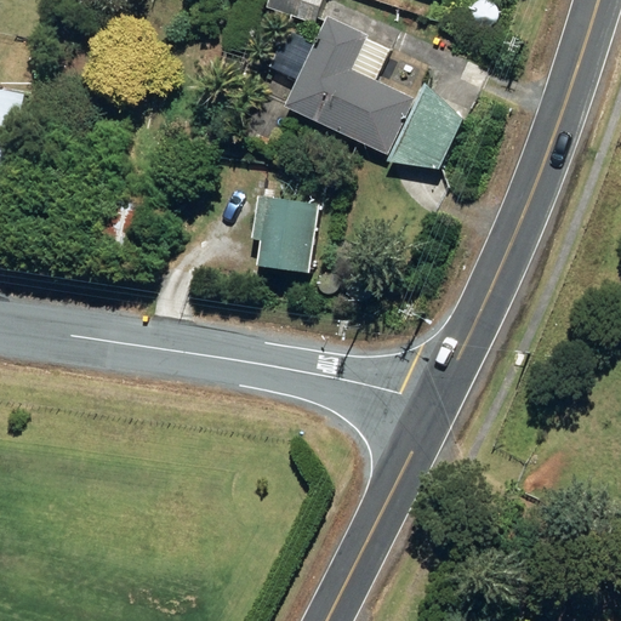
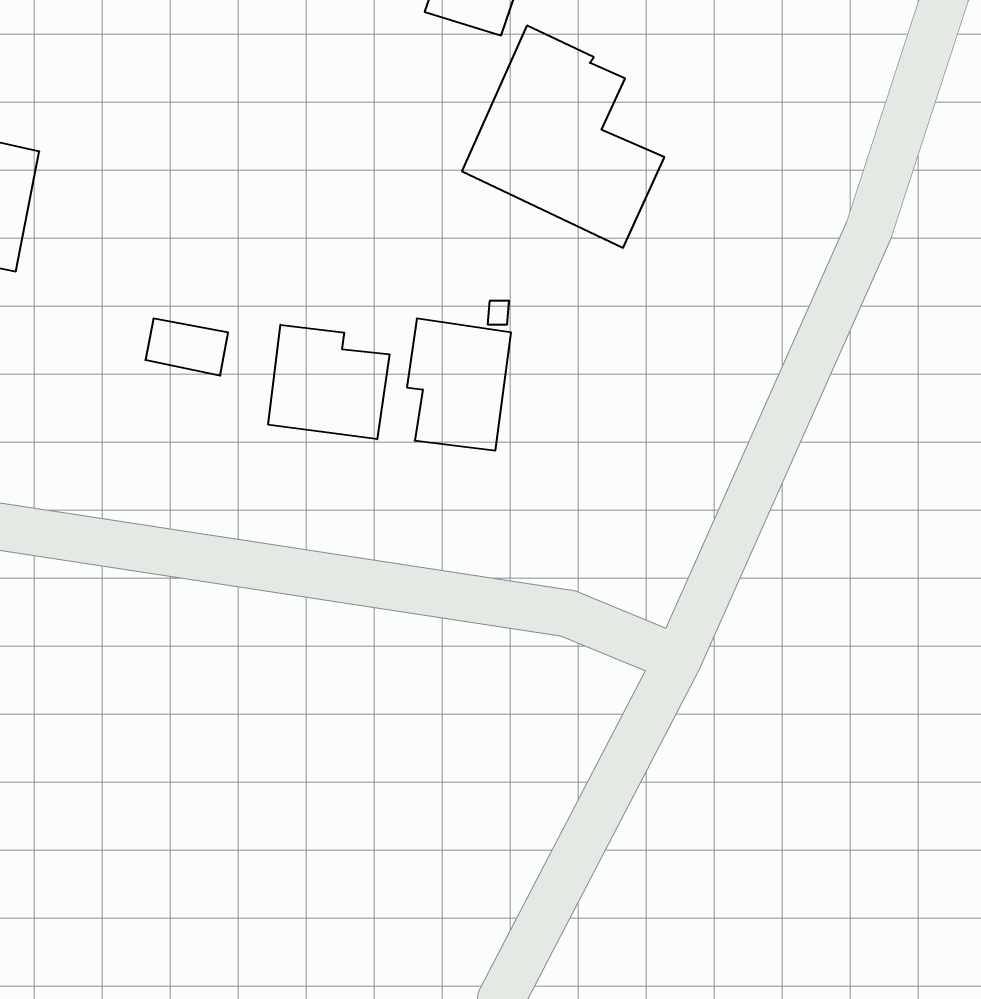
building: [387,82,460,167] -> none
building: none -> [268,325,389,439]

